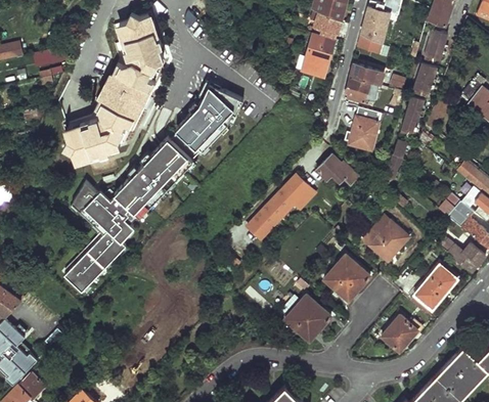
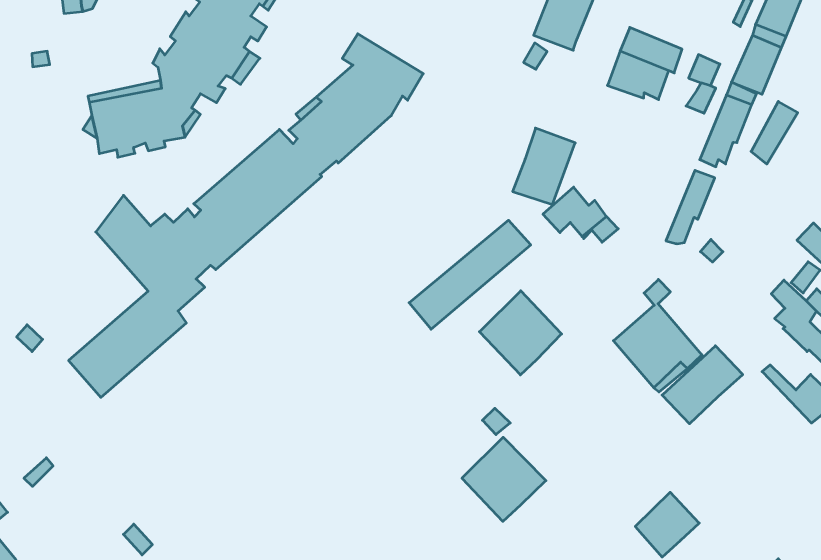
building: [348,109,380,150] -> [513,128,575,205]
building: [324,255,369,301] -> [479,291,562,375]
building: [415,266,458,310] -> [662,346,743,424]

